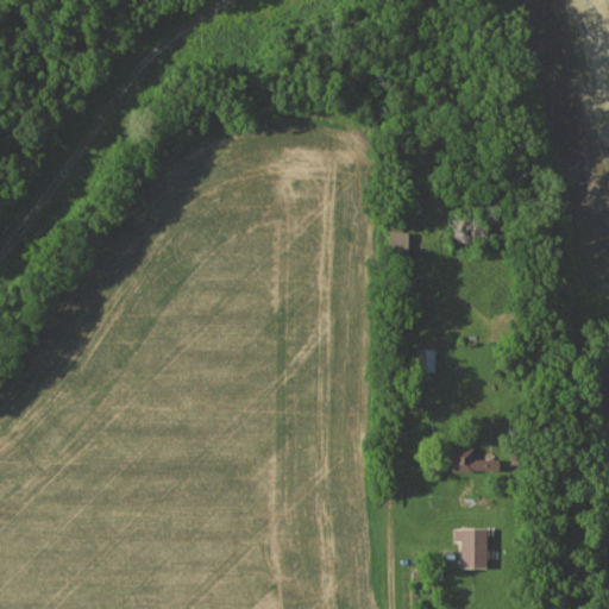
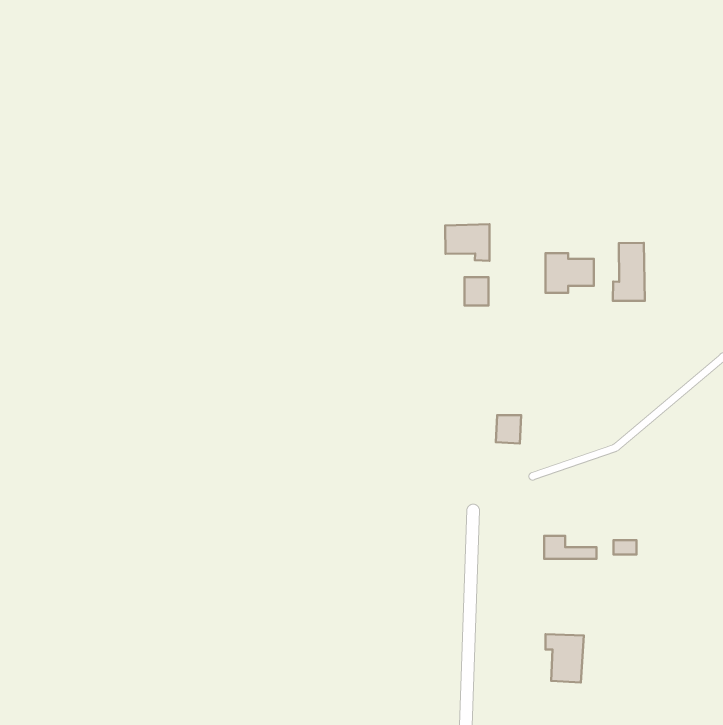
building: none -> [445,224,490,261]
building: none -> [613,243,645,301]

